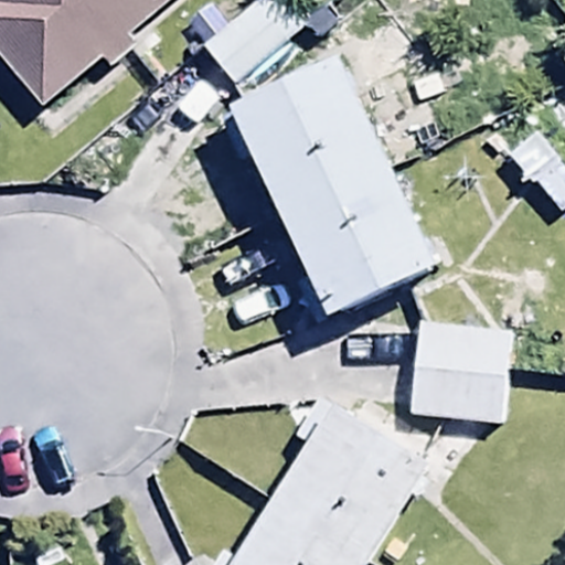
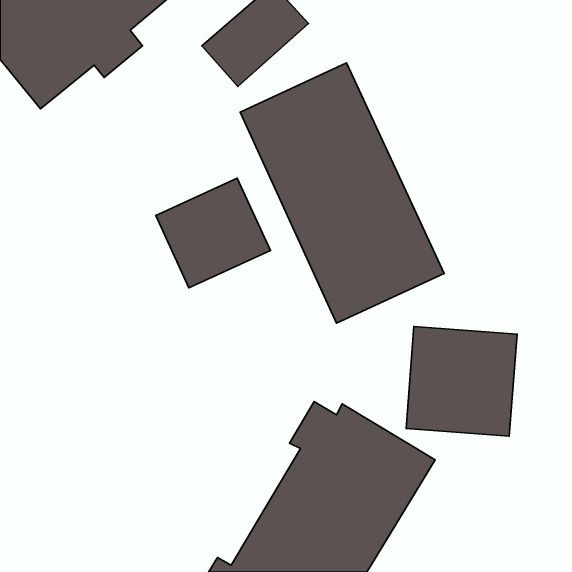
building: none -> [156,178,270,288]

